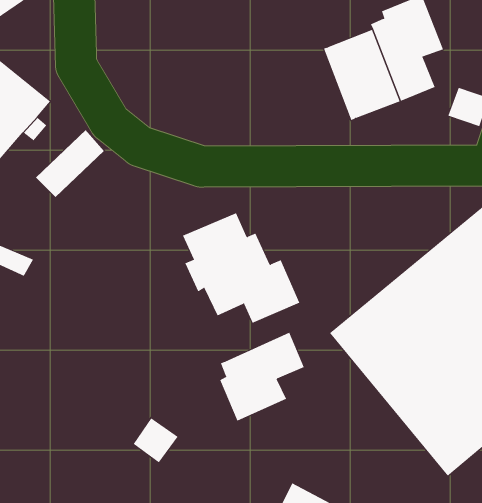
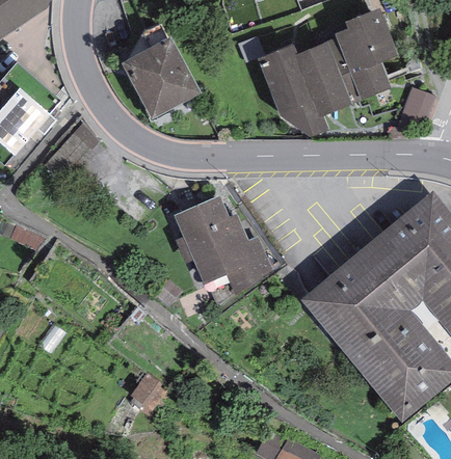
building: none -> [121,36,200,119]
building: none -> [257,44,327,137]
building: [219,332,304,421] -> none

